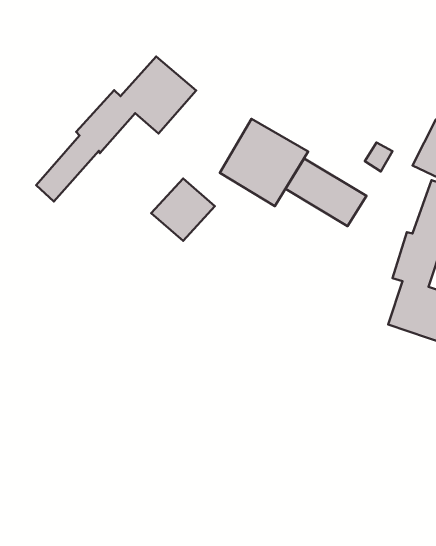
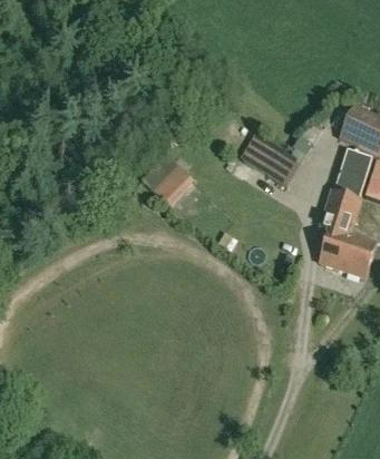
building: [36,56,196,202] -> none
building: [220,119,308,206] -> none

